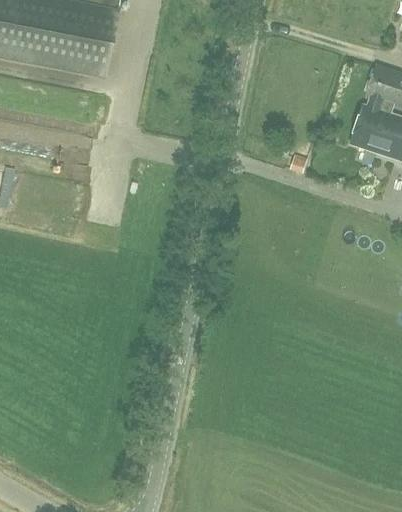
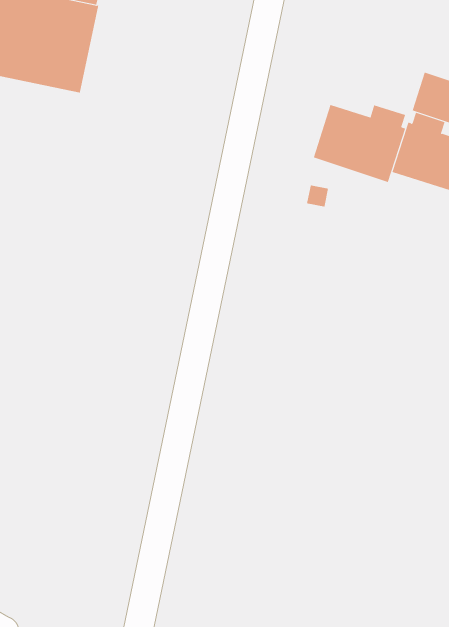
building: none -> [313,104,406,183]

